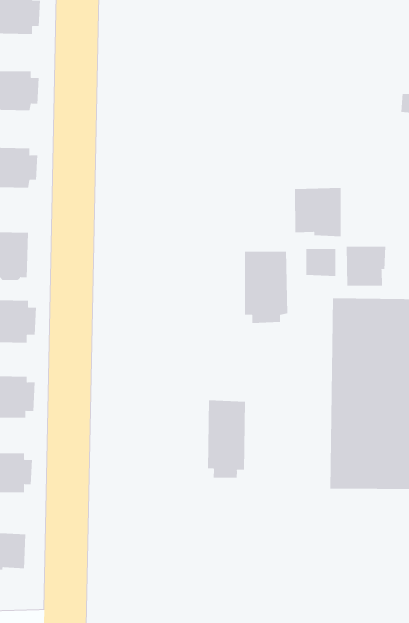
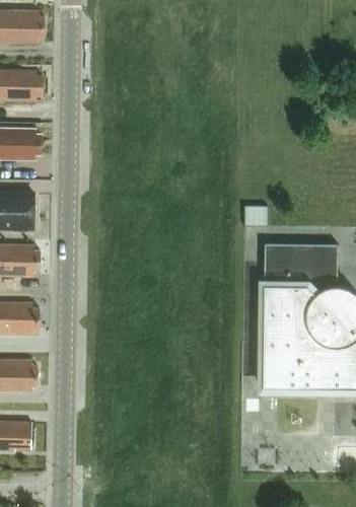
building: [295,187,341,237] -> none
building: [346,246,386,287] -> none
building: [245,251,288,324] -> none
building: [207,399,246,479] -> none

